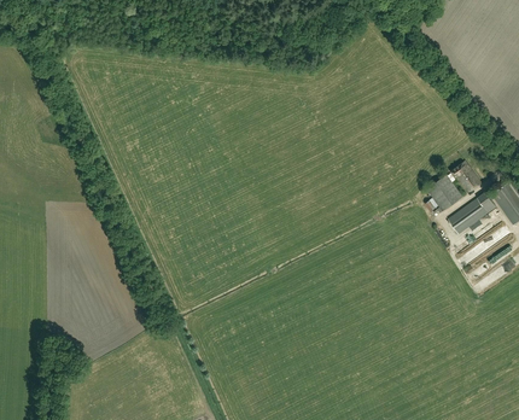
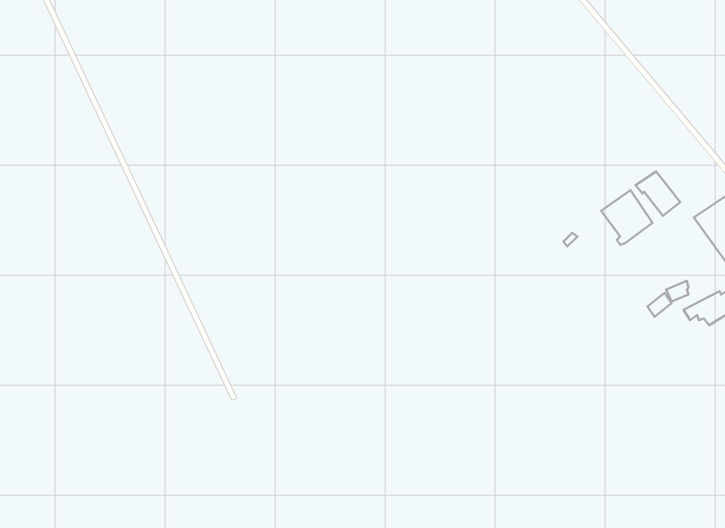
building: [451,192,500,234] -> none

